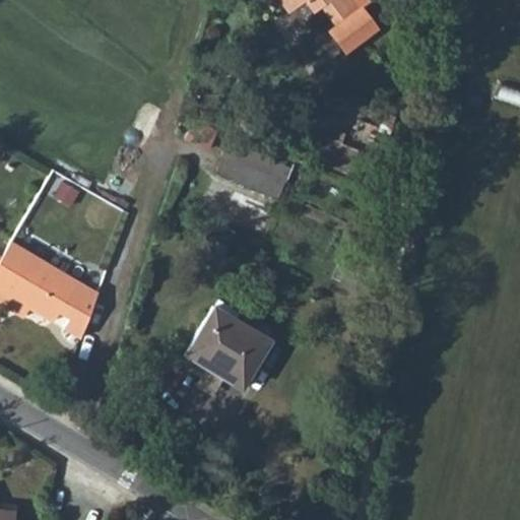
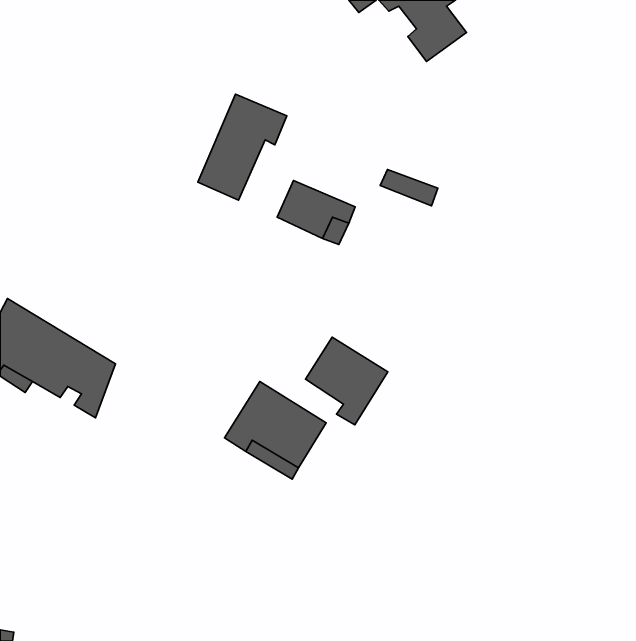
building: none -> [198,94,287,200]
building: none -> [305,337,388,425]

